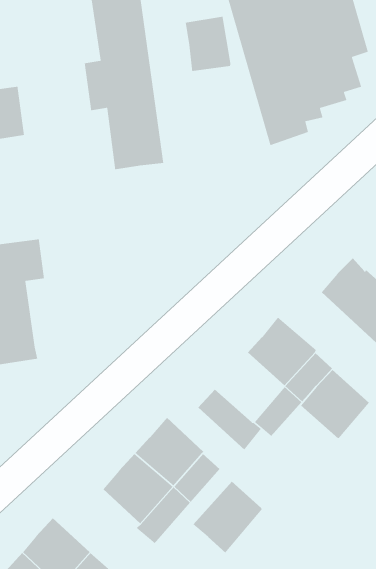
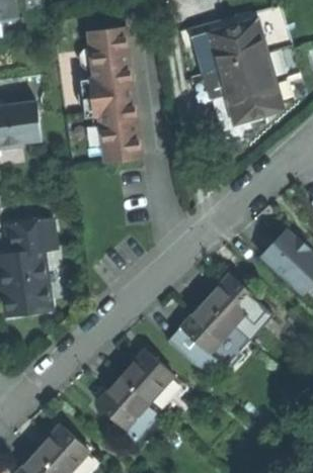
building: [185,16,231,72] -> none
building: [300,369,370,439] -> [181,300,234,353]
building: [192,481,263,553] -> none

